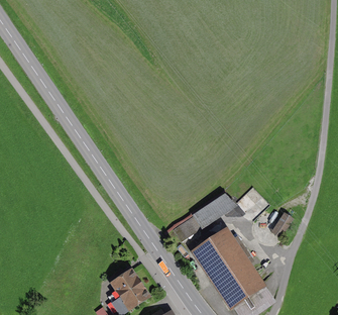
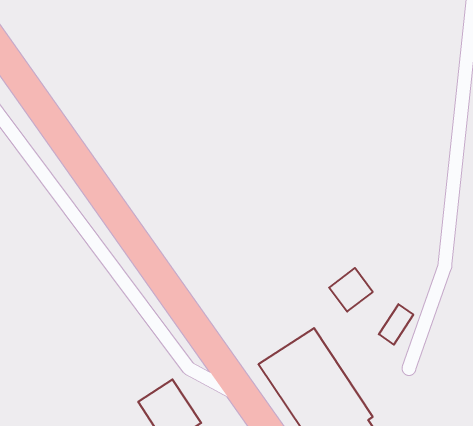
building: [174,194,234,242] -> none

